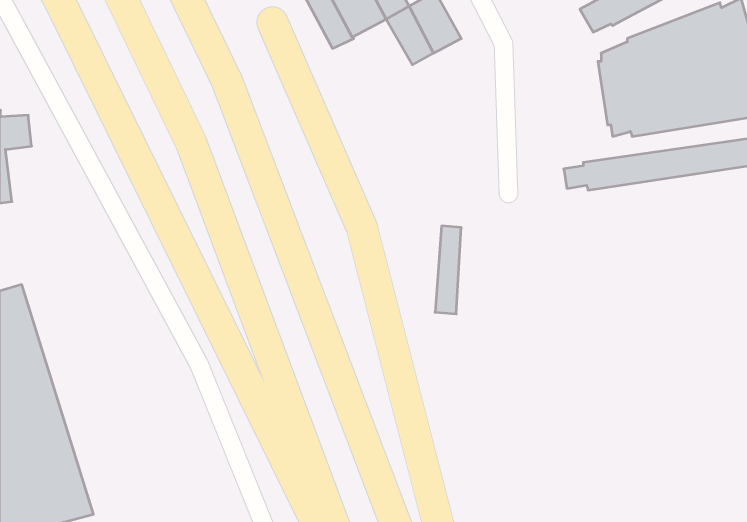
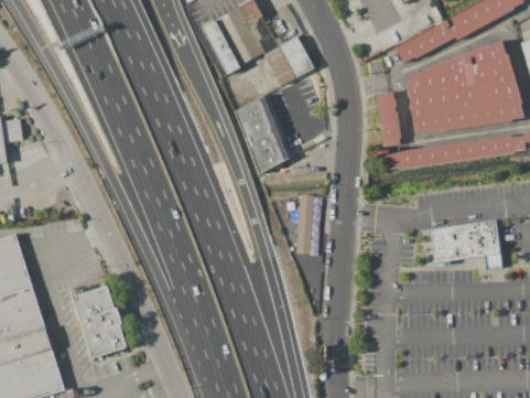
building: none -> [375,92,401,148]
building: none -> [235,95,289,174]
building: none -> [429,219,500,270]
building: none -> [72,286,127,358]

